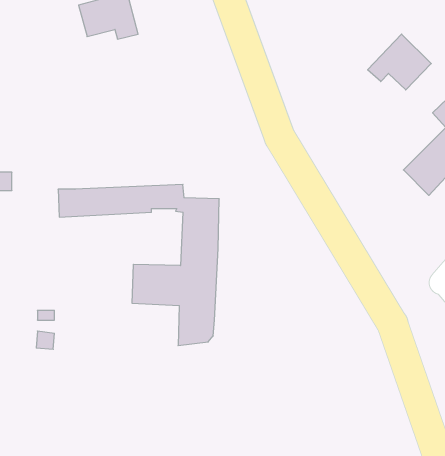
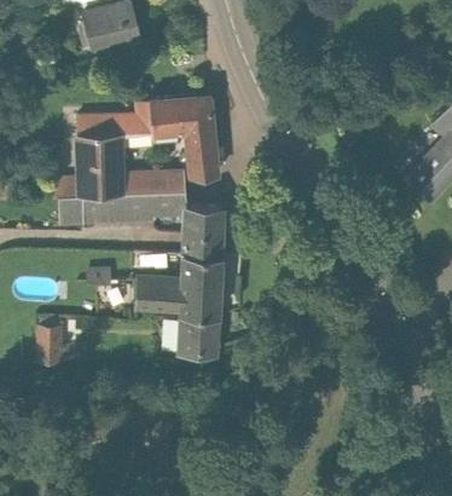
building: [368,34,431,90] -> none
building: none -> [76,94,219,198]

